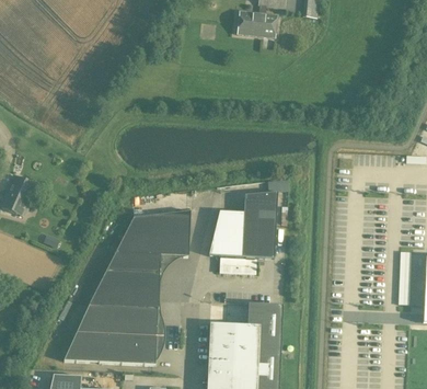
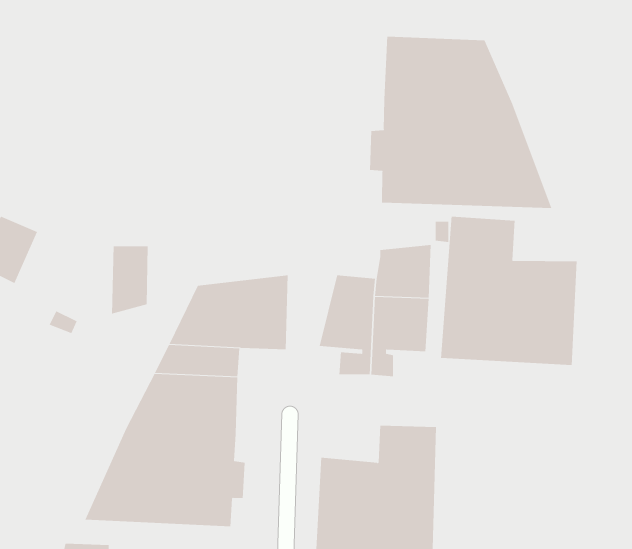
building: none -> [369,36,552,209]
building: none -> [441,216,577,366]
building: none -> [111,246,148,315]

